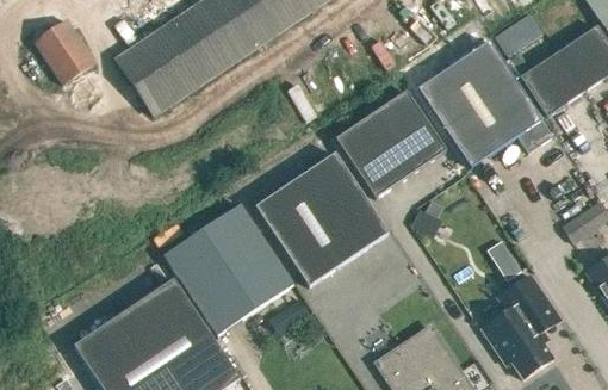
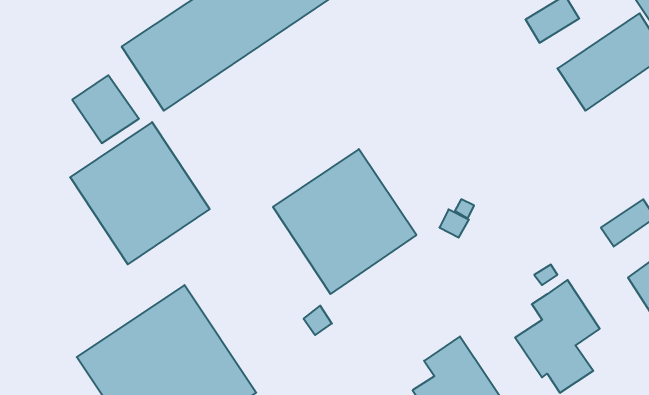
building: [33,19,95,82] -> [72,75,139,143]
building: [418,42,552,167] -> none
building: [335,89,446,197] -> none
building: [163,203,293,335] -> [70,122,210,264]

